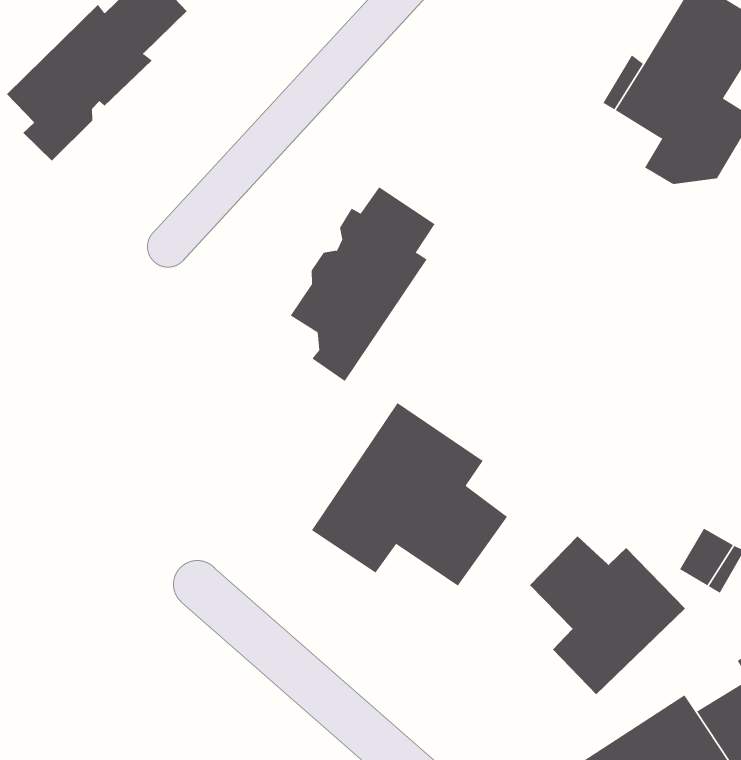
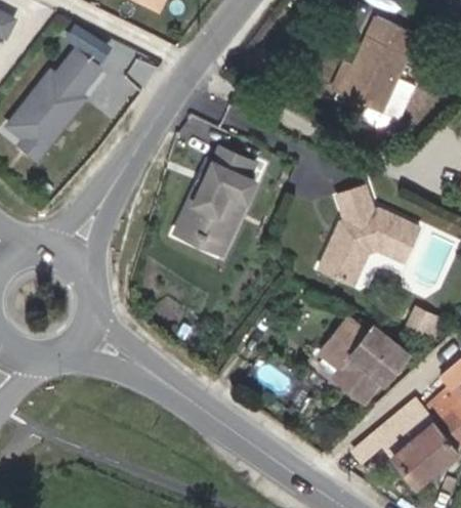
building: none -> [318,186,418,285]
building: [311,402,508,586] -> none

